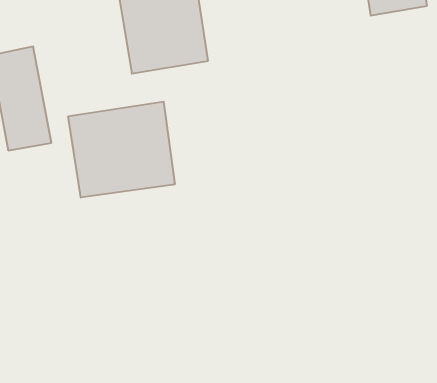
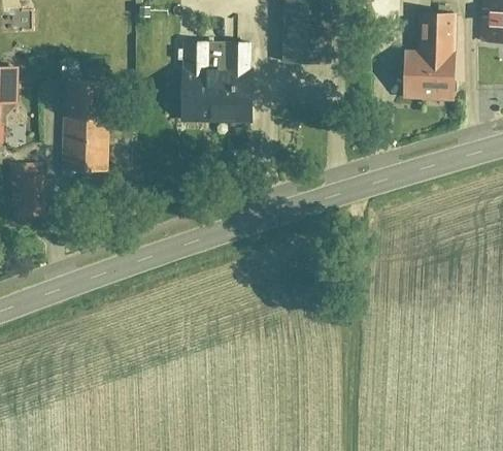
building: [68,102,175,198] -> none

